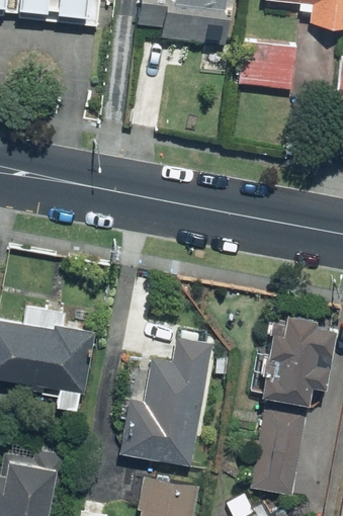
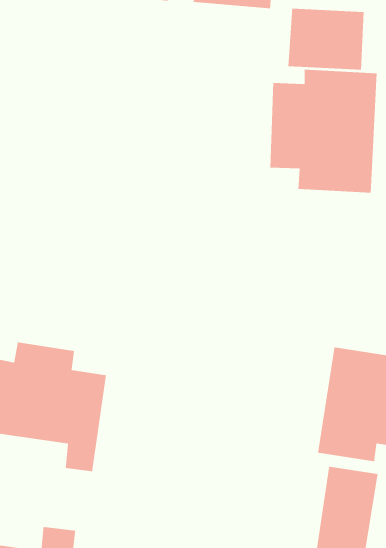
building: none -> [269,69,378,193]
building: [116,336,209,465] -> none

